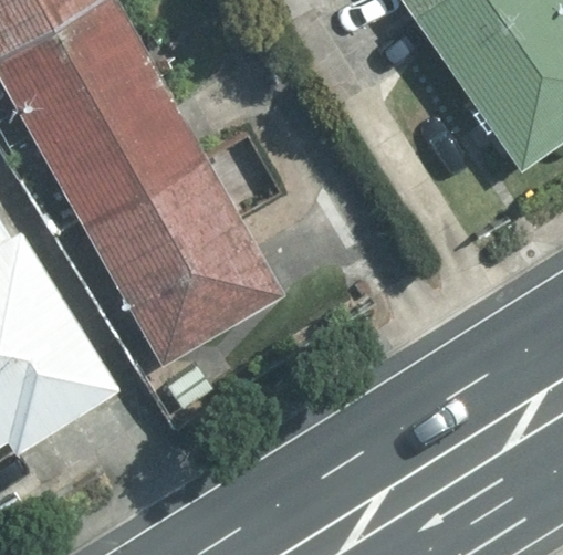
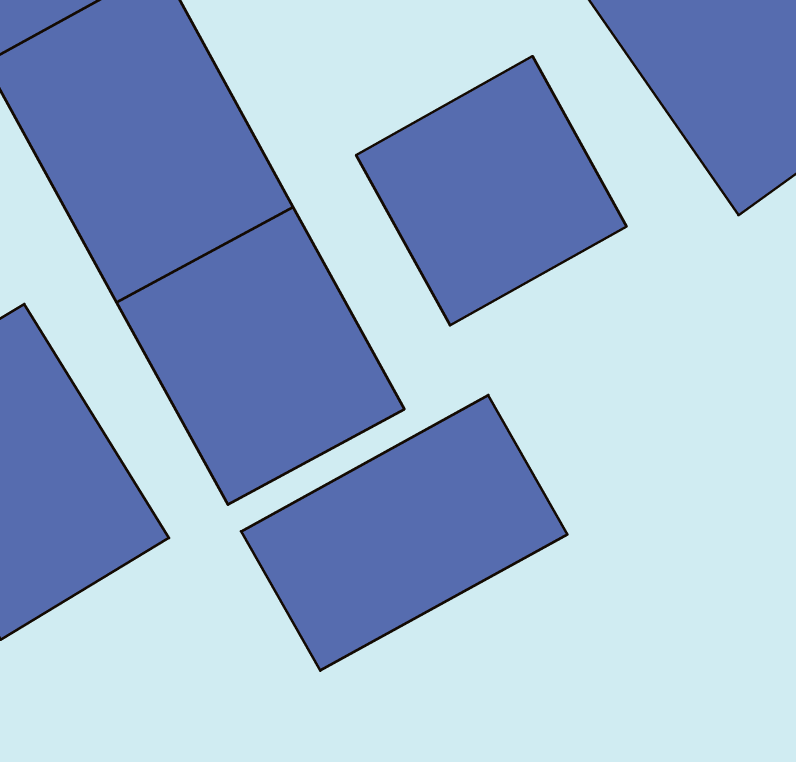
building: none -> [356,56,626,325]
building: none -> [241,395,567,671]

